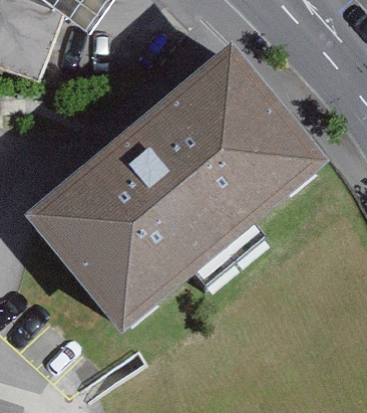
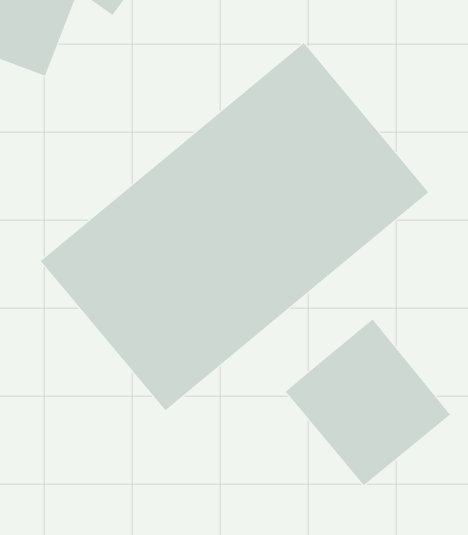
building: none -> [285,319,451,486]

